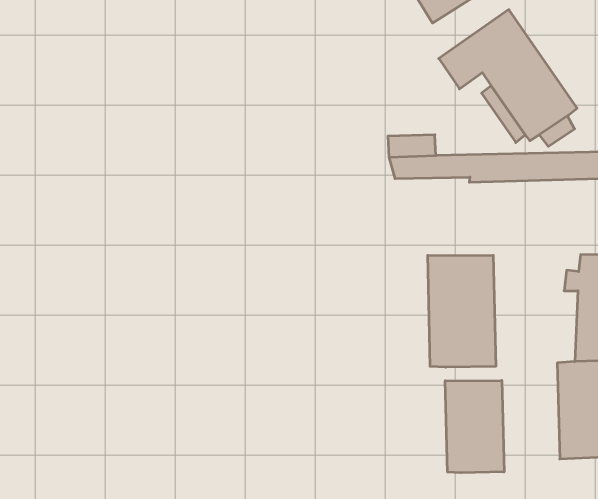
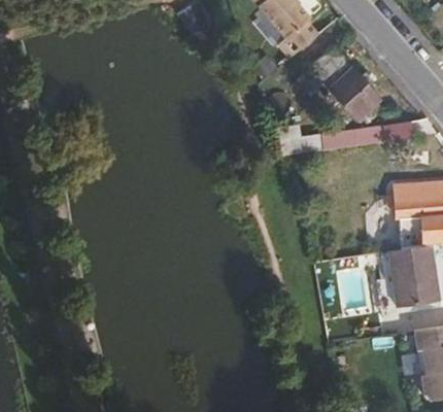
building: [428,255,496,367] -> none
building: [445,380,504,473] -> none

